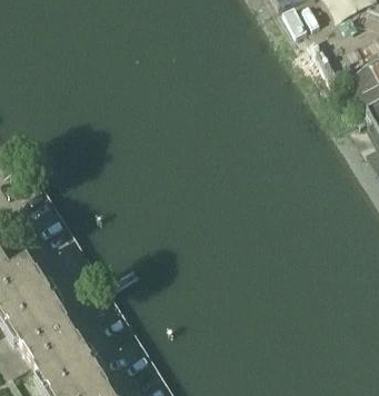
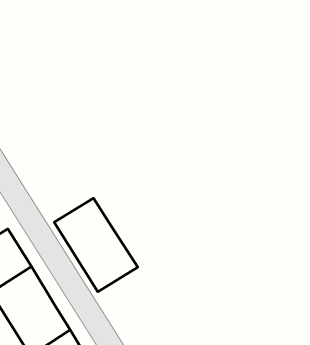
building: none -> [54,198,138,292]

